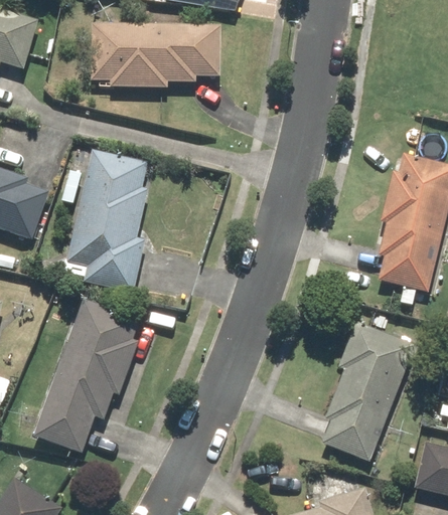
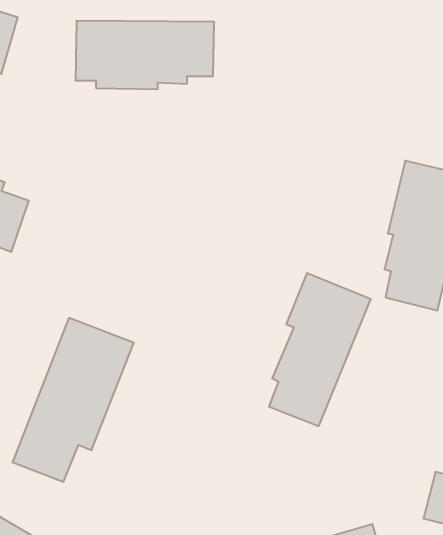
building: [65,151,147,287] -> none
building: [323,319,418,461] -> [269,273,371,426]

